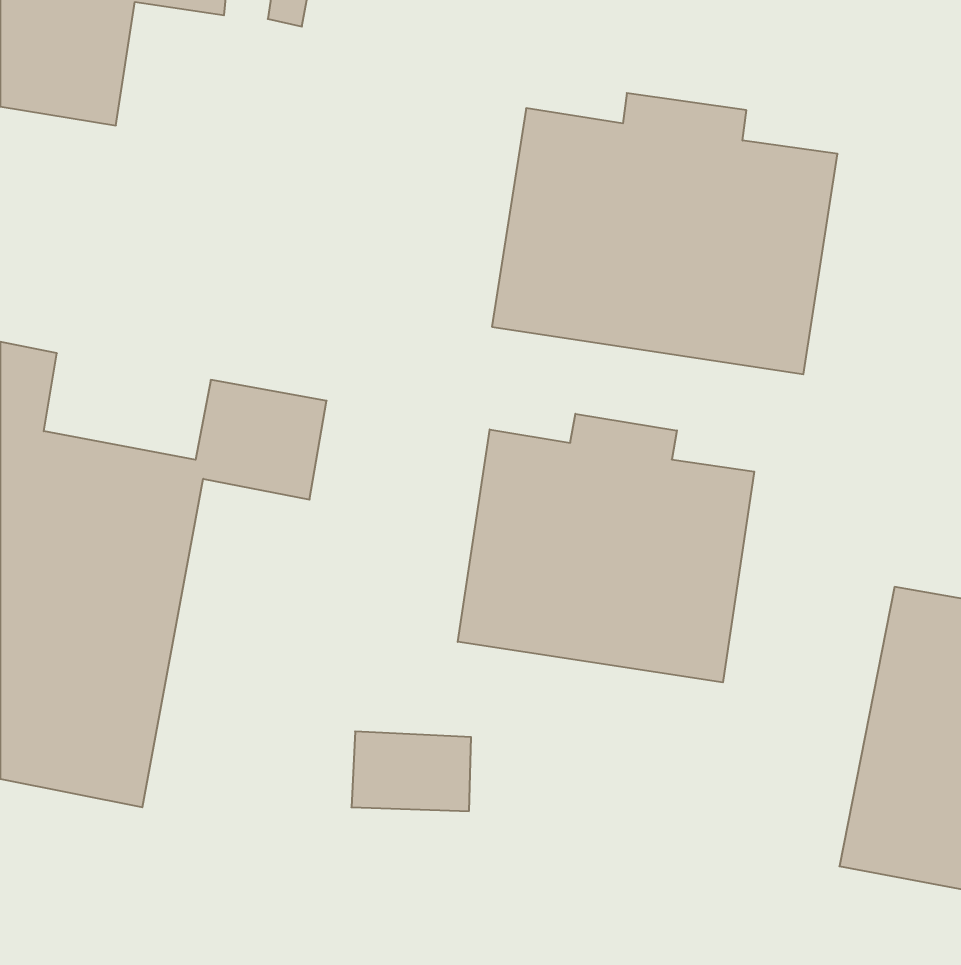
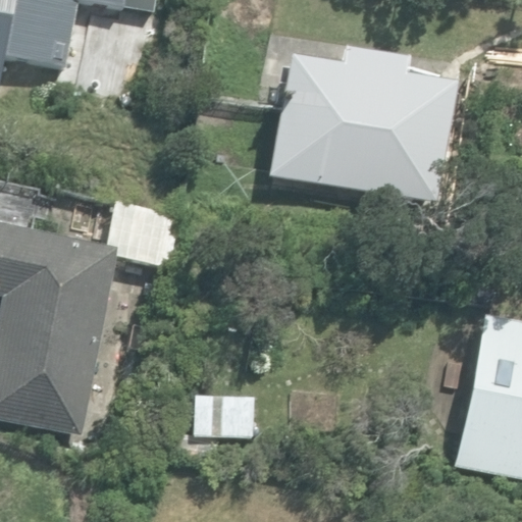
building: [458,414,754,682] -> none

